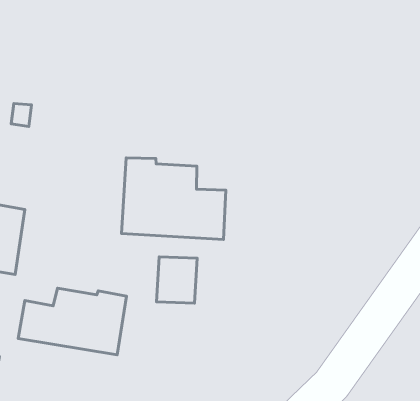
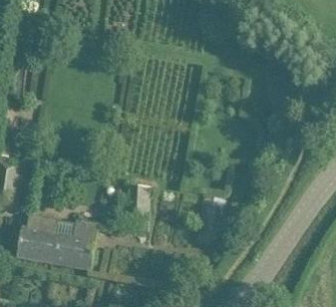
building: [121,158,226,240] -> none

